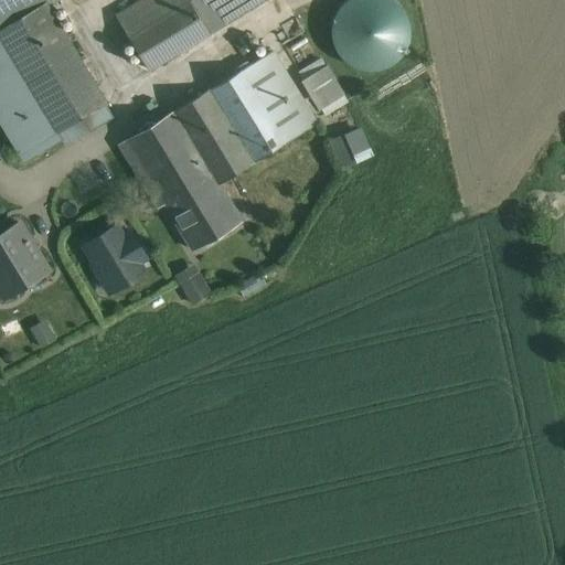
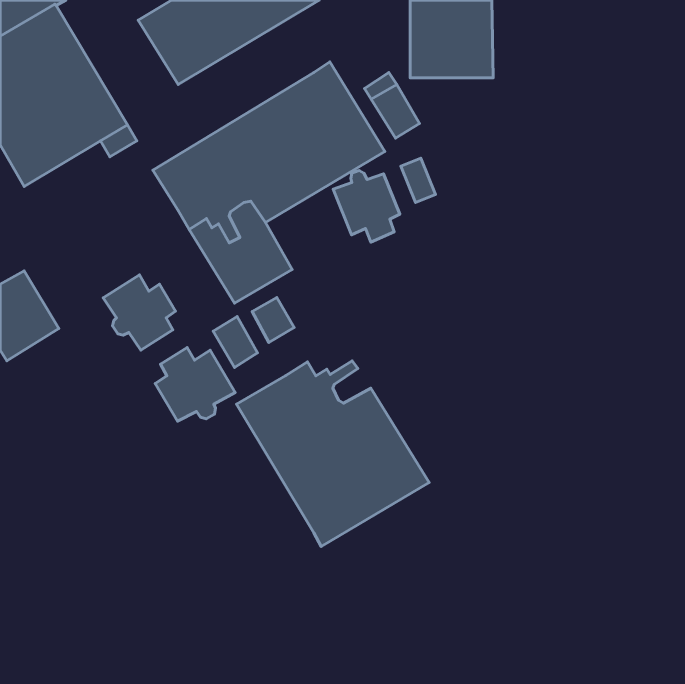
building: none -> [333,170,400,242]
building: none -> [252,298,294,343]
building: none -> [155,348,235,421]
building: none -> [237,361,429,547]

